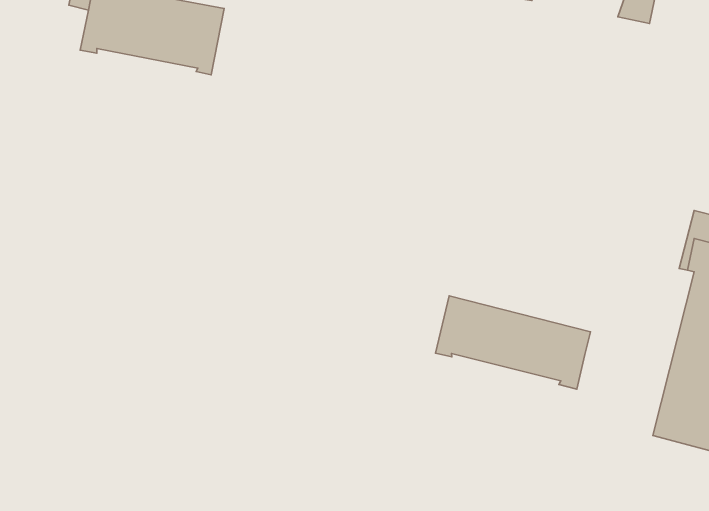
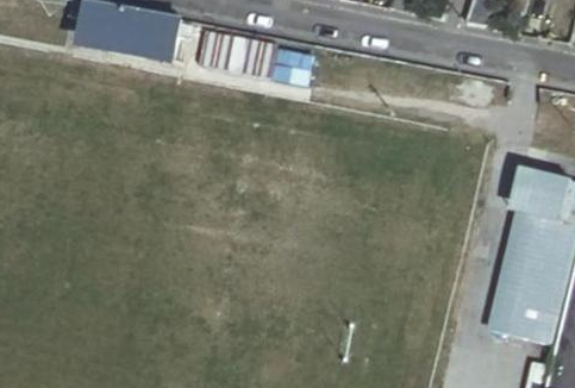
building: [435,296,591,389] -> none

